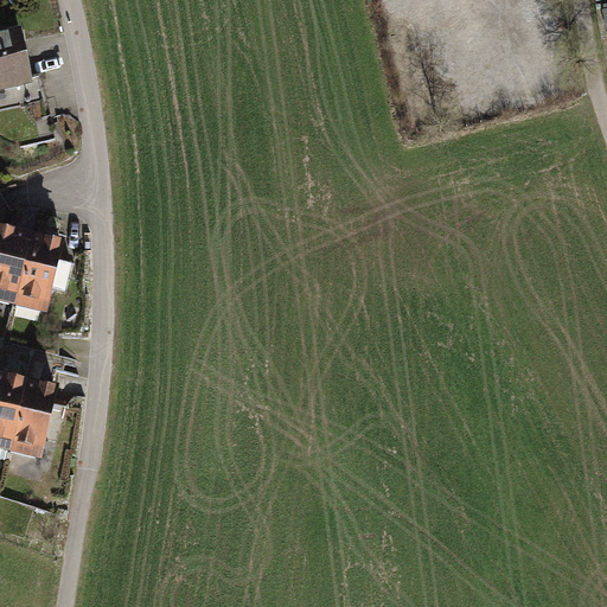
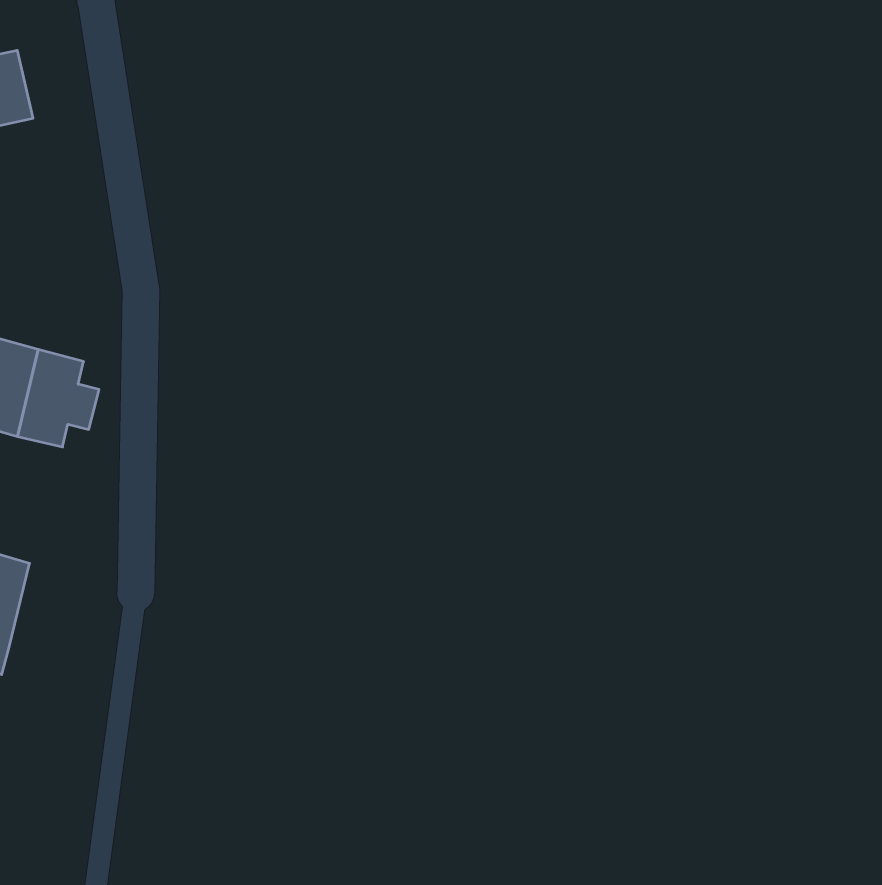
building: [6,386,52,453] -> none

